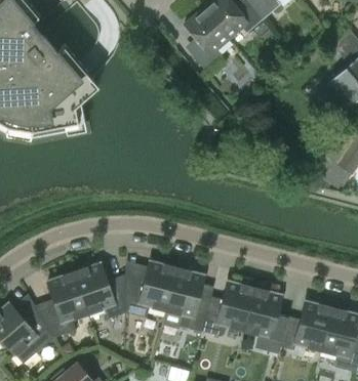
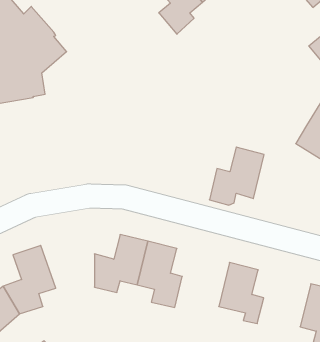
building: [74,262,125,319] -> none
building: [202,281,254,336] -> [209,147,264,205]
building: [281,301,332,349] -> none

